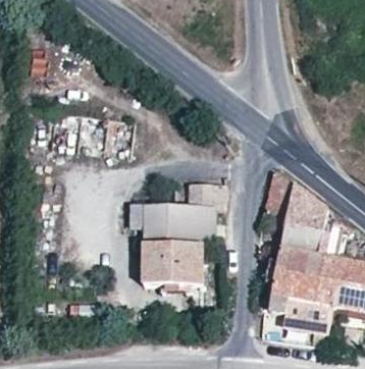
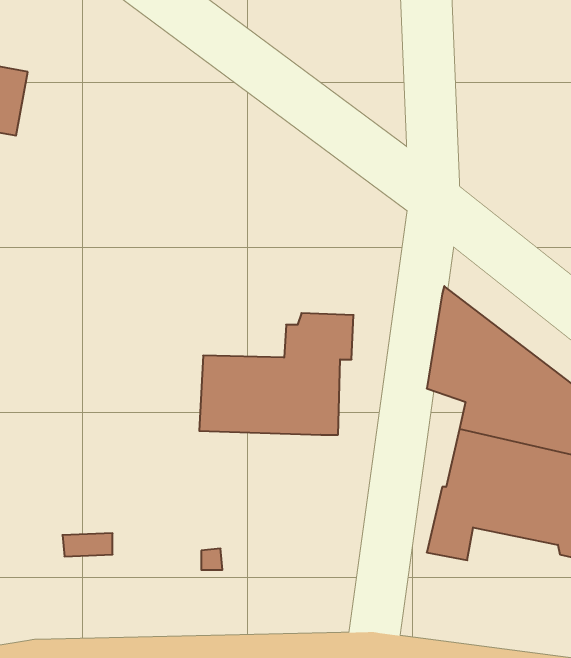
building: [141,244,206,286] -> none
building: [281,295,332,333] -> none

